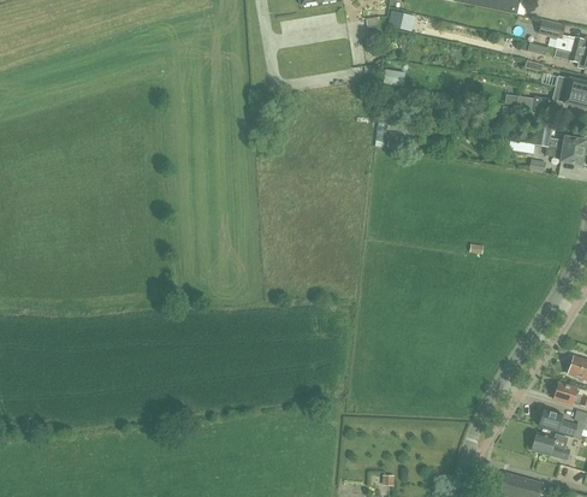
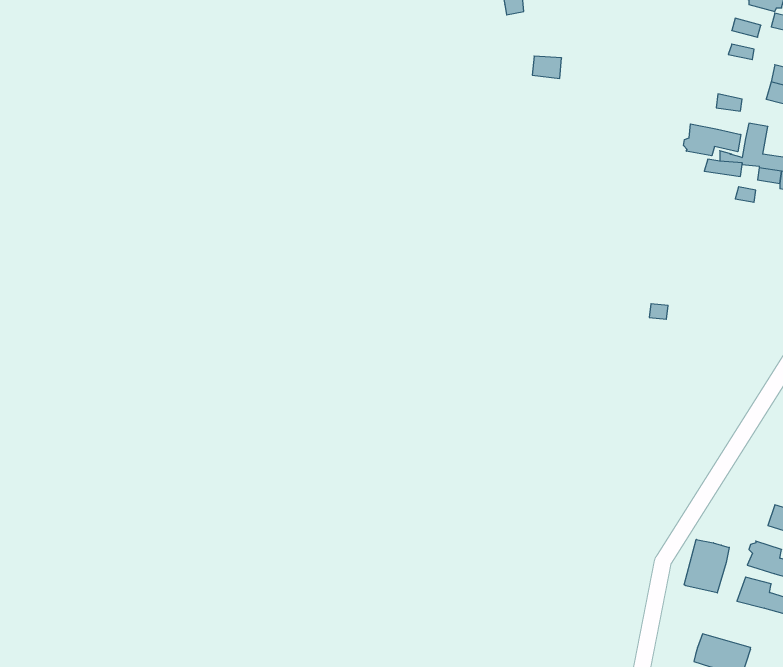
building: none -> [684,124,741,156]
building: none -> [684,539,729,593]

